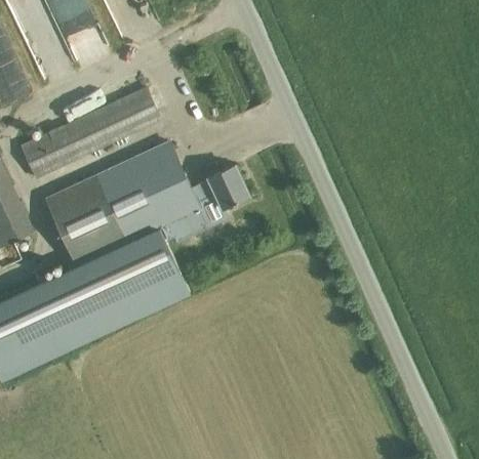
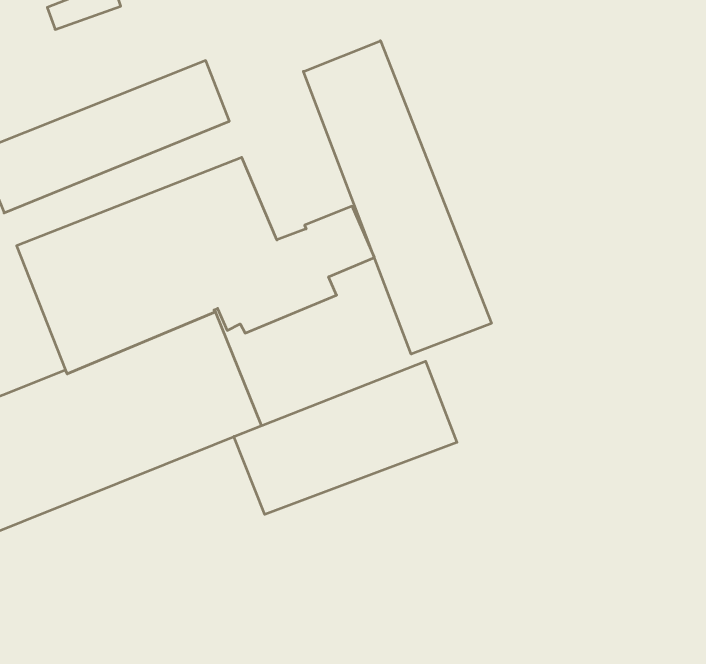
building: none -> [303,41,491,354]
building: none -> [234,361,457,514]

